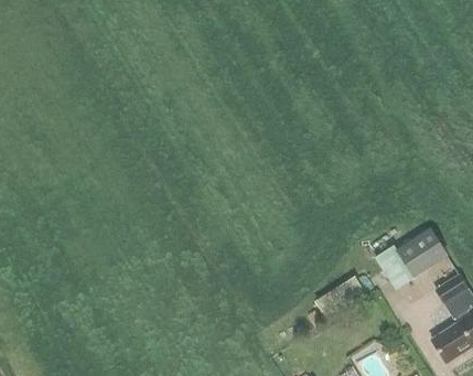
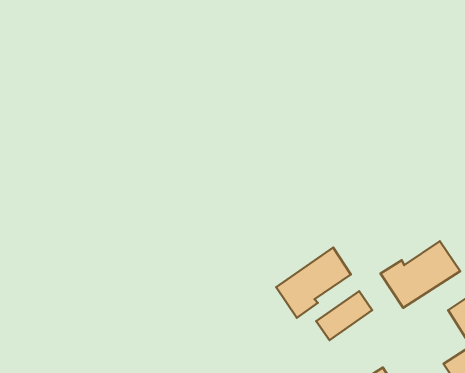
building: none -> [276,248,351,318]

